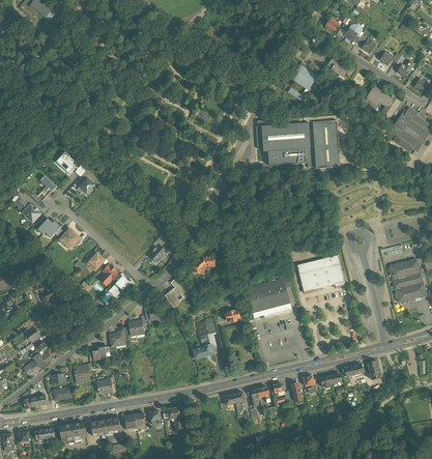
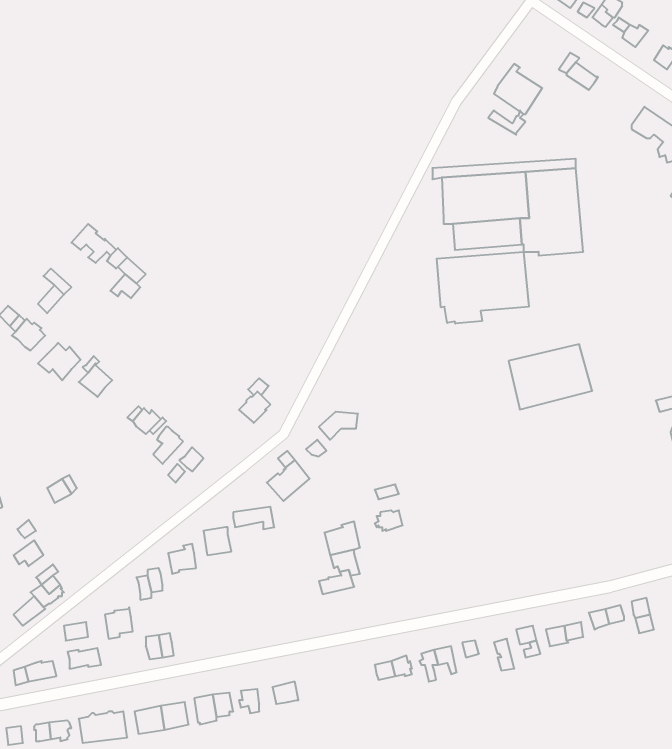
building: none -> [437,252,529,324]
building: [298,255,345,291] -> [509,344,592,409]
building: [247,278,292,319] -> none

